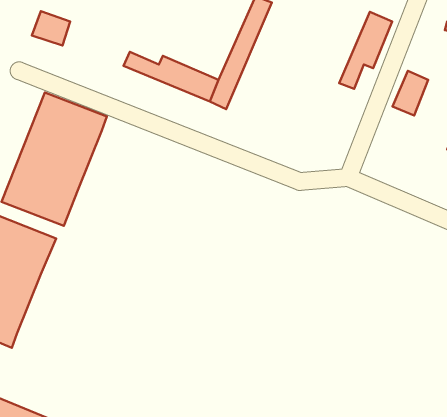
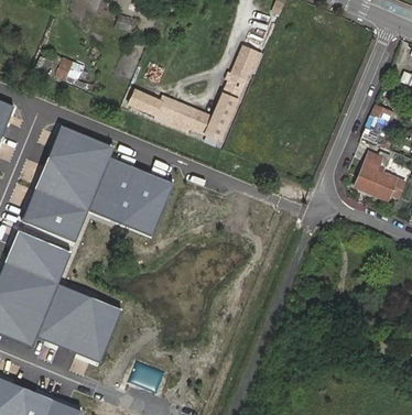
building: [339,12,392,89] -> none
building: none -> [354,153,394,200]
building: none -> [89,157,171,233]
building: none -> [36,282,117,358]

